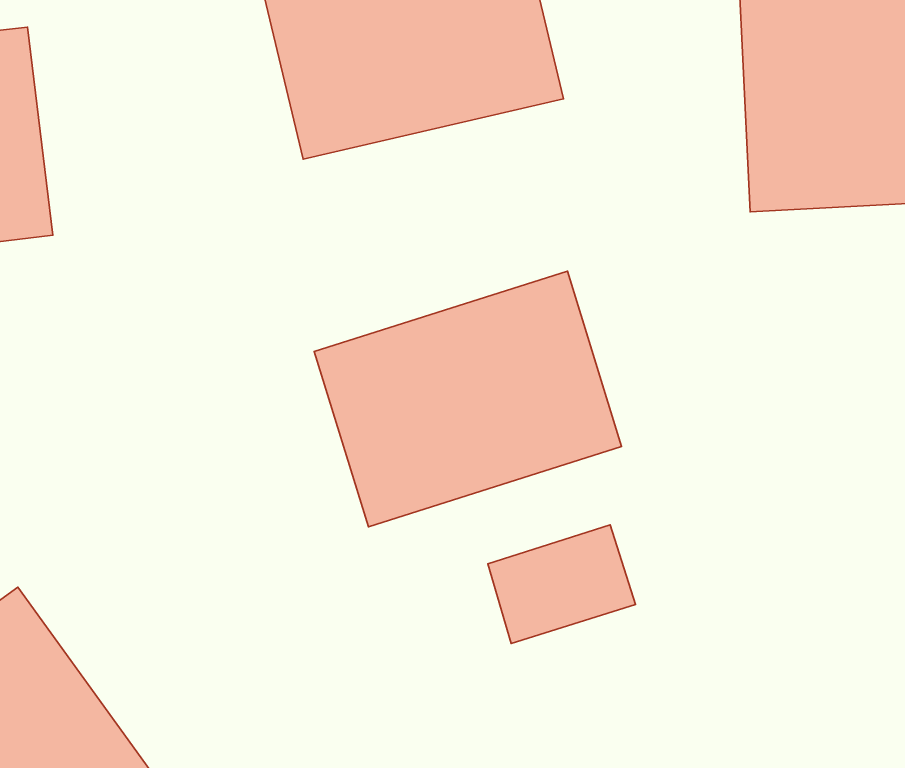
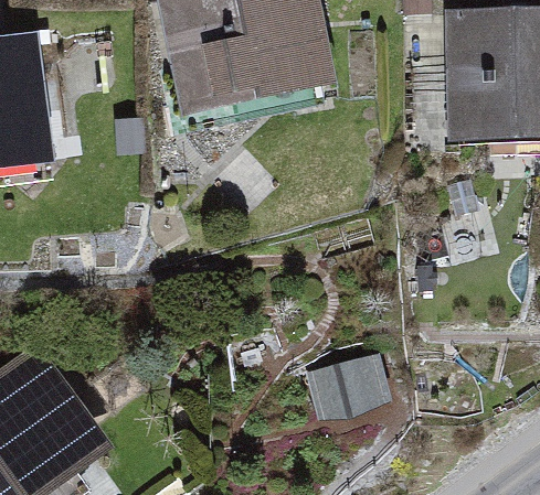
building: [314,271,622,527] -> none

